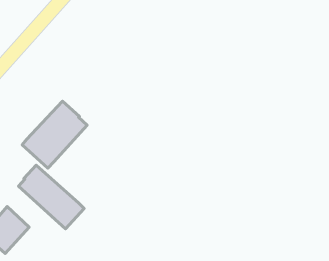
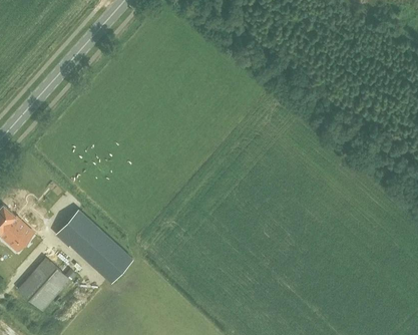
building: [22,101,87,168] -> none

